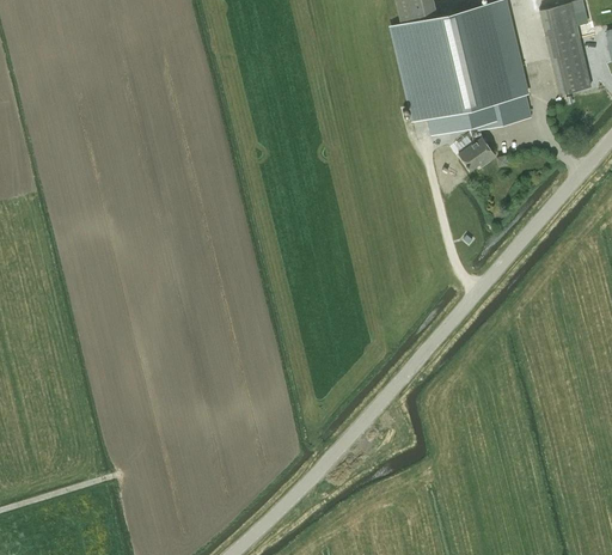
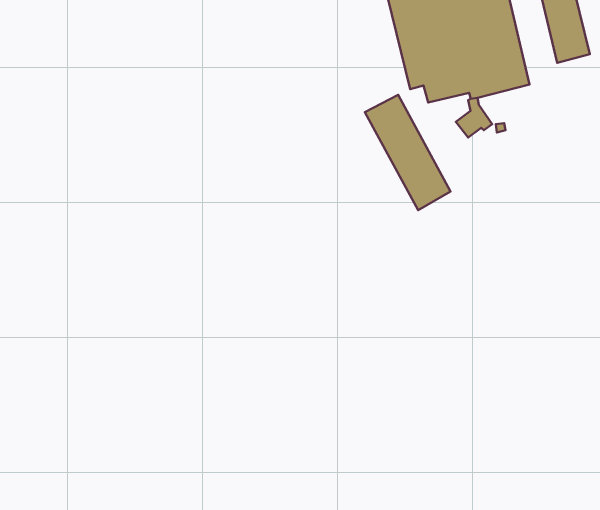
building: none -> [365,95,451,210]

